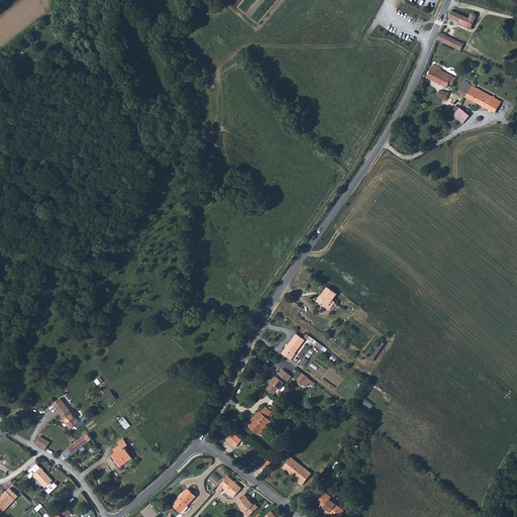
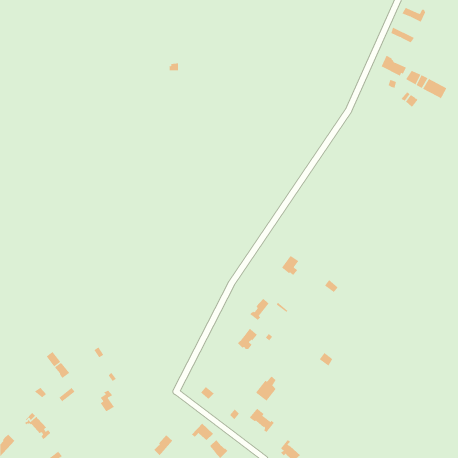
building: [243,408,268,437] -> [255,376,277,402]

